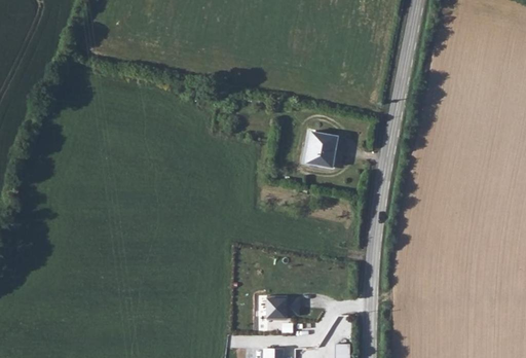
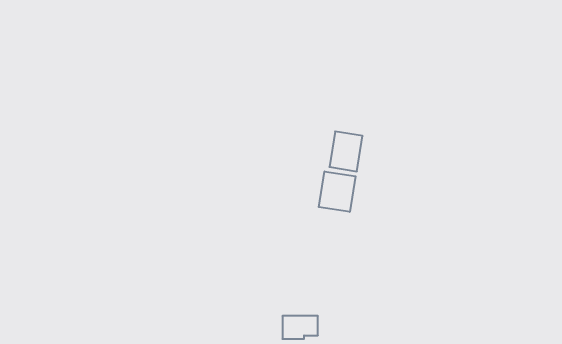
building: none -> [319,171,356,212]

